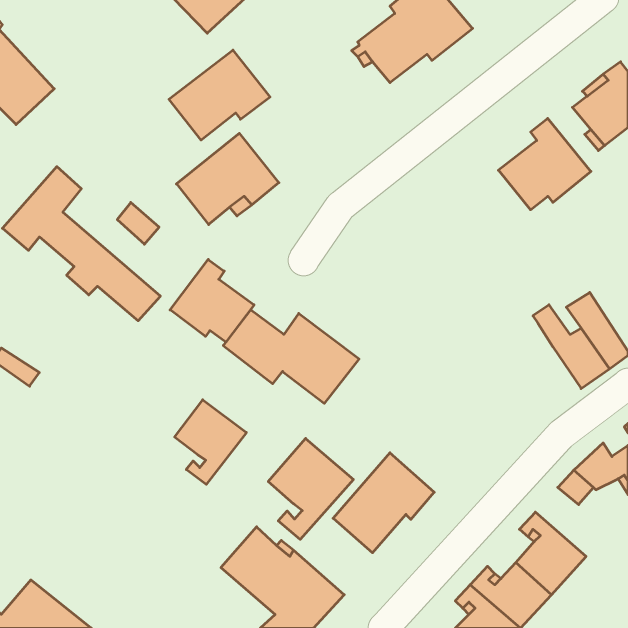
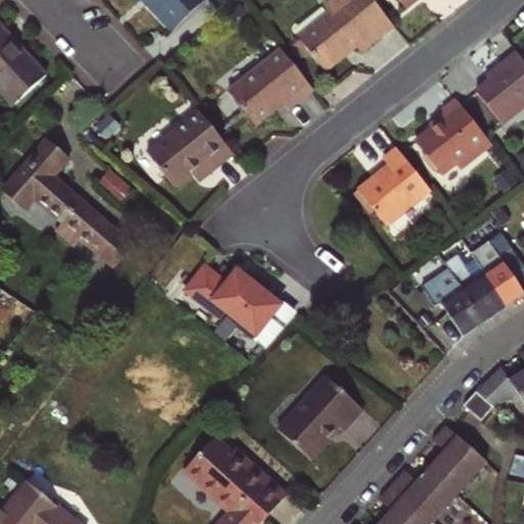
building: [169,50,270,140] -> [227,49,311,124]
building: none -> [357,146,429,224]
building: [170,259,254,342] -> none
building: none -> [420,268,482,335]
building: [175,400,246,484] -> none
building: [268,438,353,539] -> none

